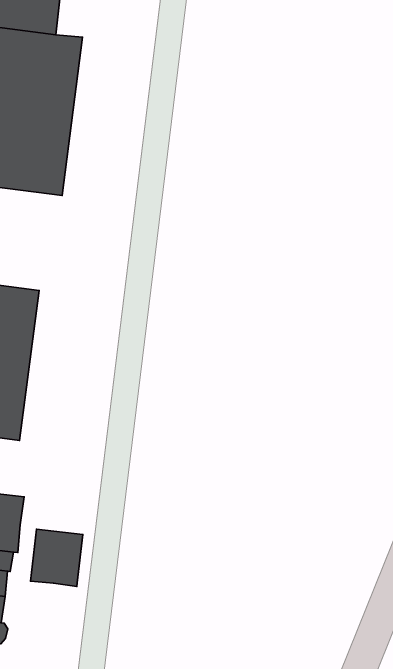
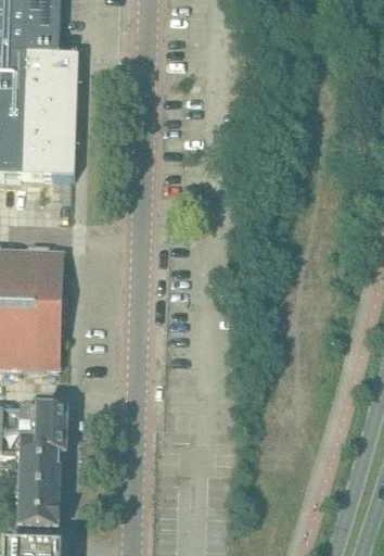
building: [30,529,83,587] -> none

